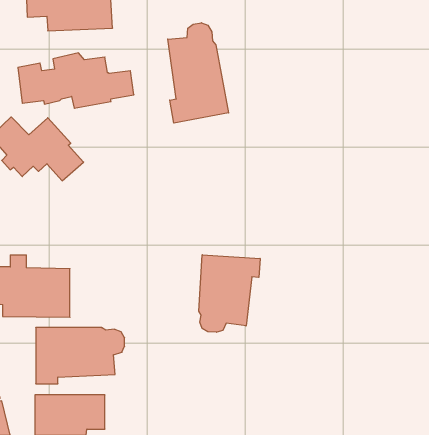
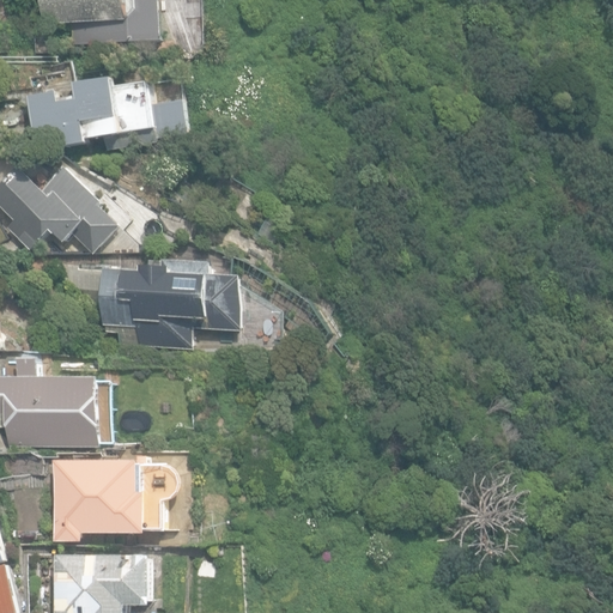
building: [168,23,229,123] -> none
building: none -> [99,259,279,348]
building: [199,255,260,332] -> none

